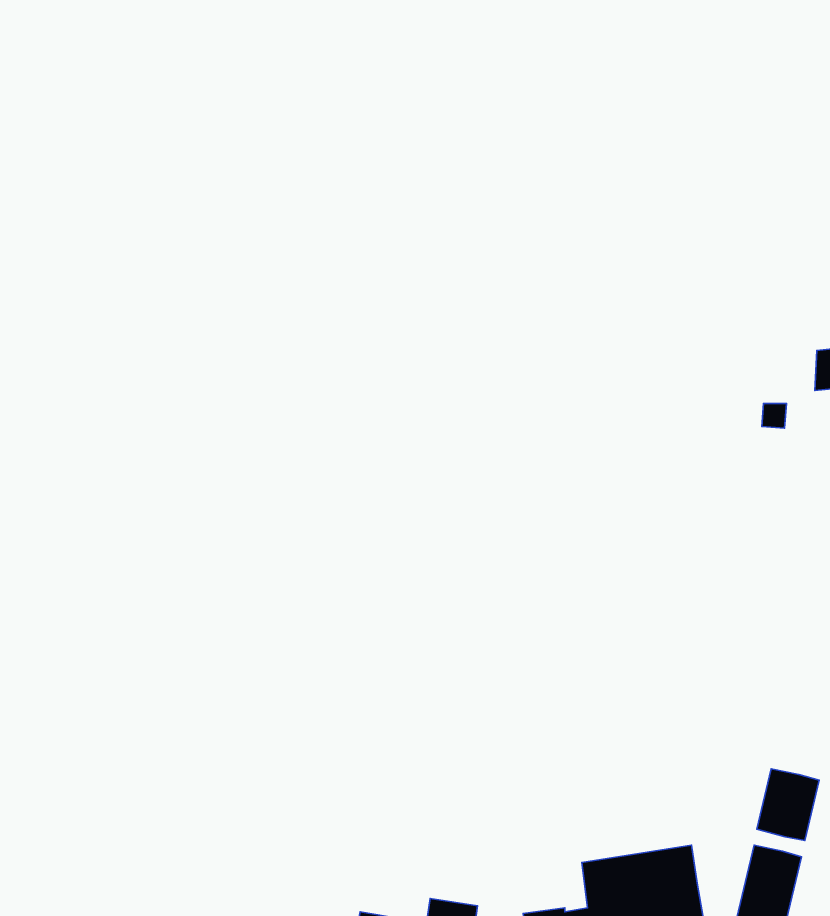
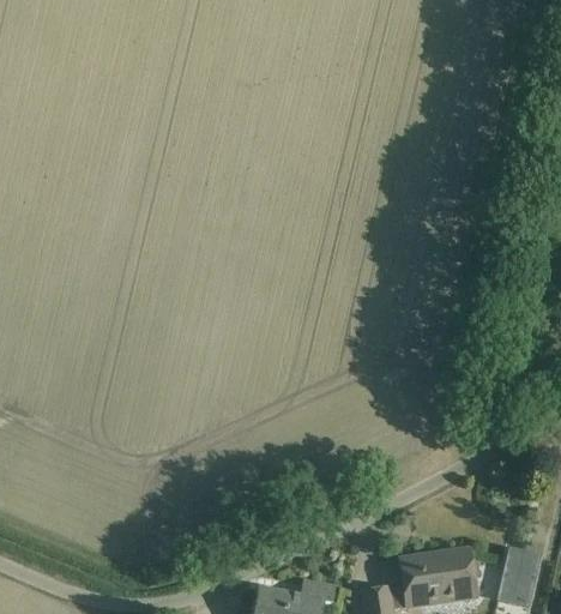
building: [757,769,819,840] -> none

